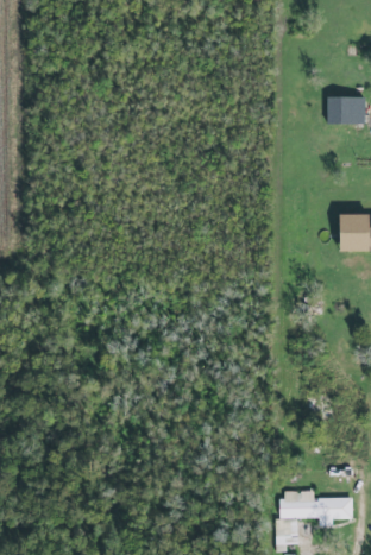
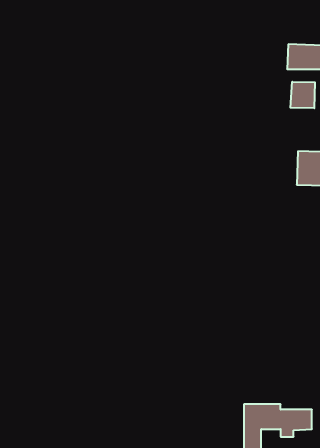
building: none -> [290,82,315,108]

